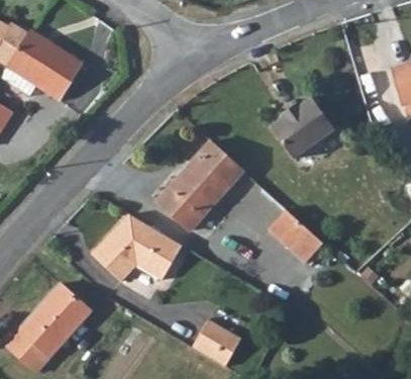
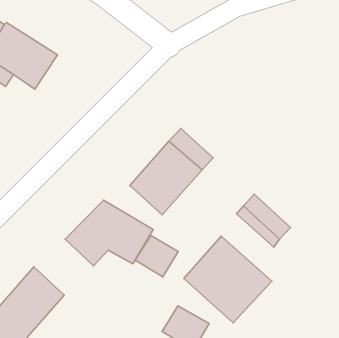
building: [269,96,332,158] -> none
building: none -> [135,235,178,277]
building: none -> [184,236,272,323]

